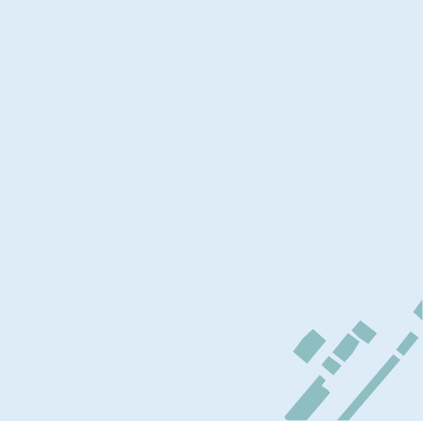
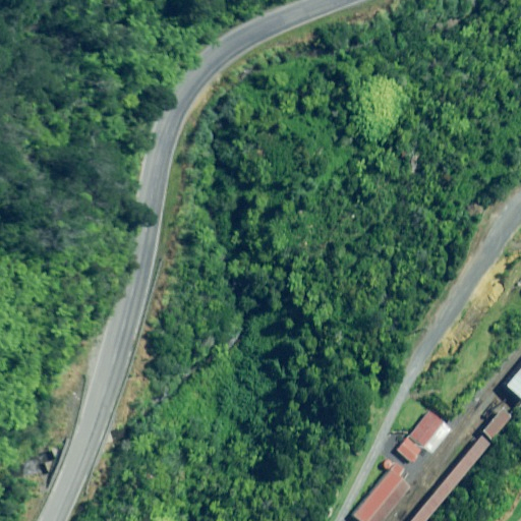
building: [351,319,378,345] -> none
building: [292,328,327,365] -> none

